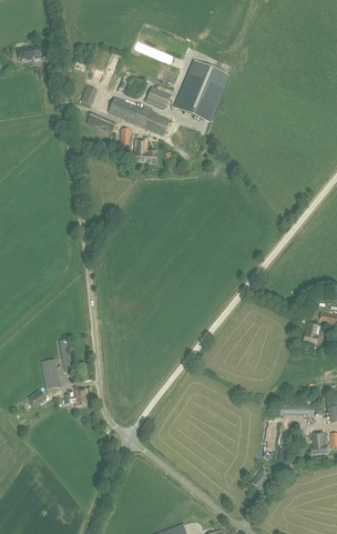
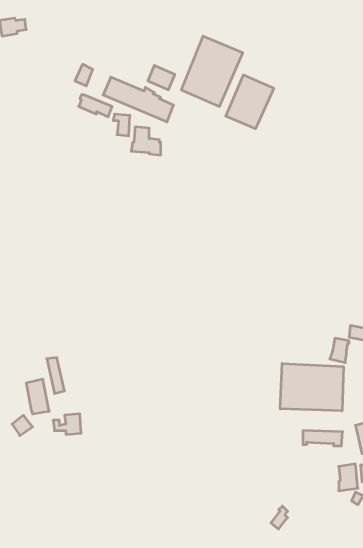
building: none -> [226,75,274,129]
building: none -> [280,363,343,411]

